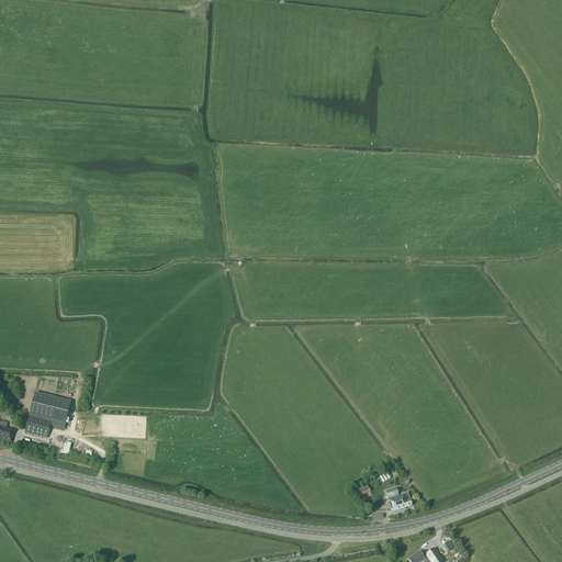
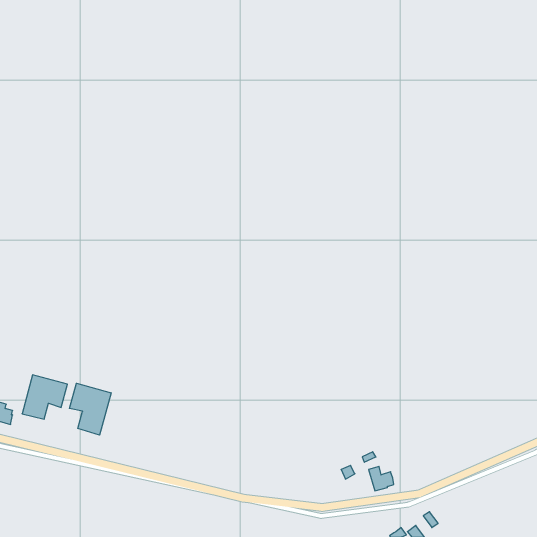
building: none -> [69,383,111,435]

